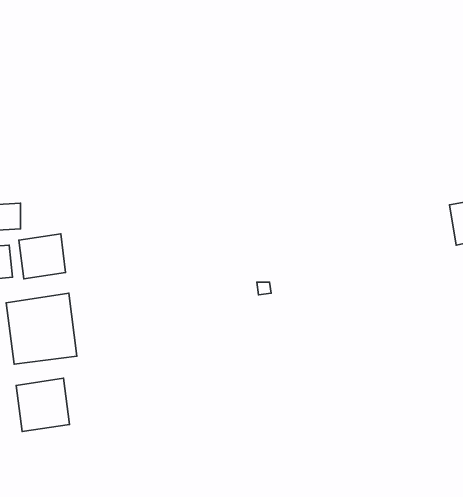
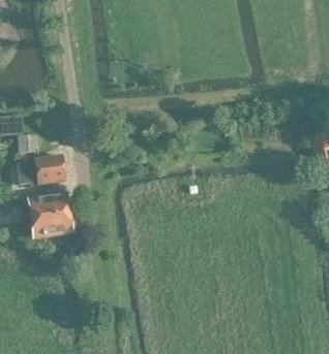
building: [16,378,69,432] -> none

